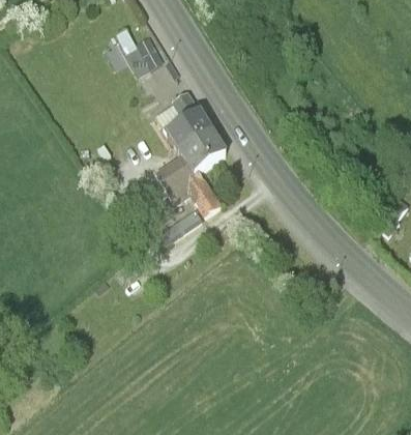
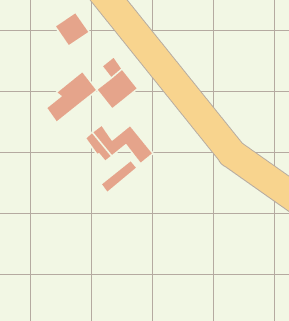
building: [166,128,225,183] -> [46,71,97,122]

